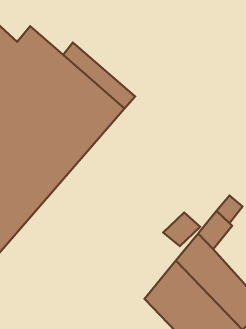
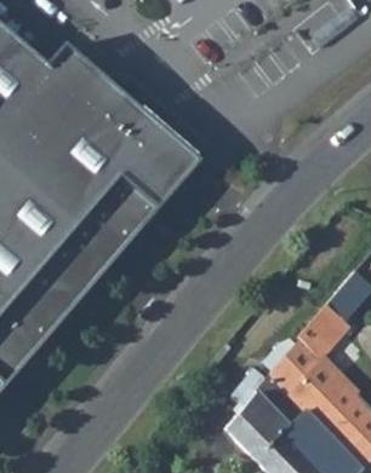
building: [163,212,200,246] -> none

